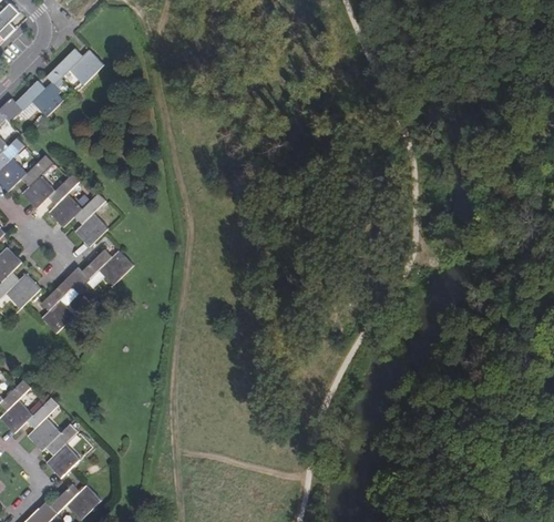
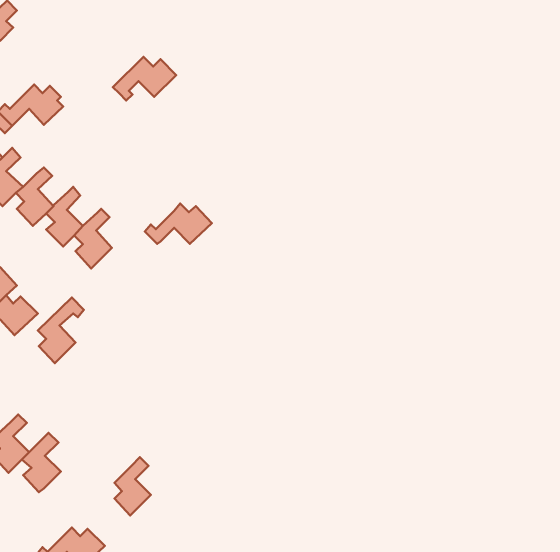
building: [45,48,103,88] -> [113,57,176,101]
building: [71,248,132,285] -> [145,204,212,244]
building: [45,424,79,478] -> [114,457,151,516]

